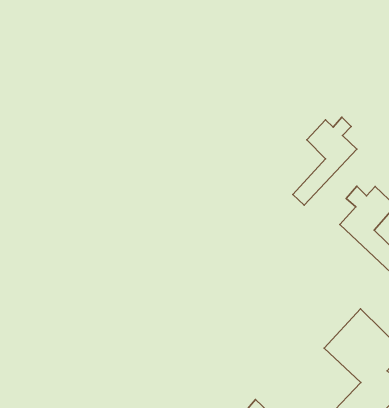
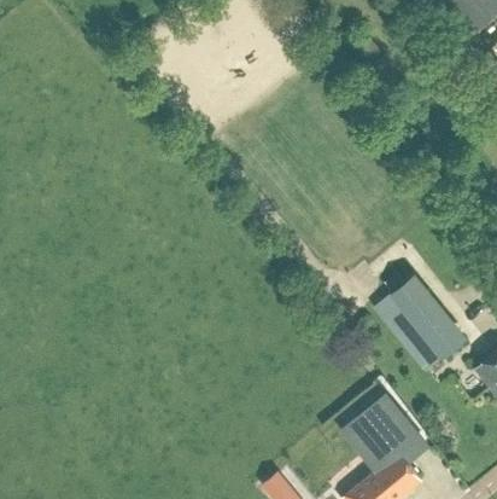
building: [293,117,357,205] -> none

